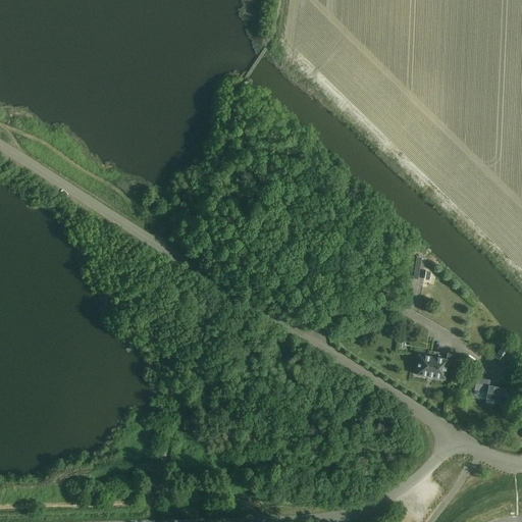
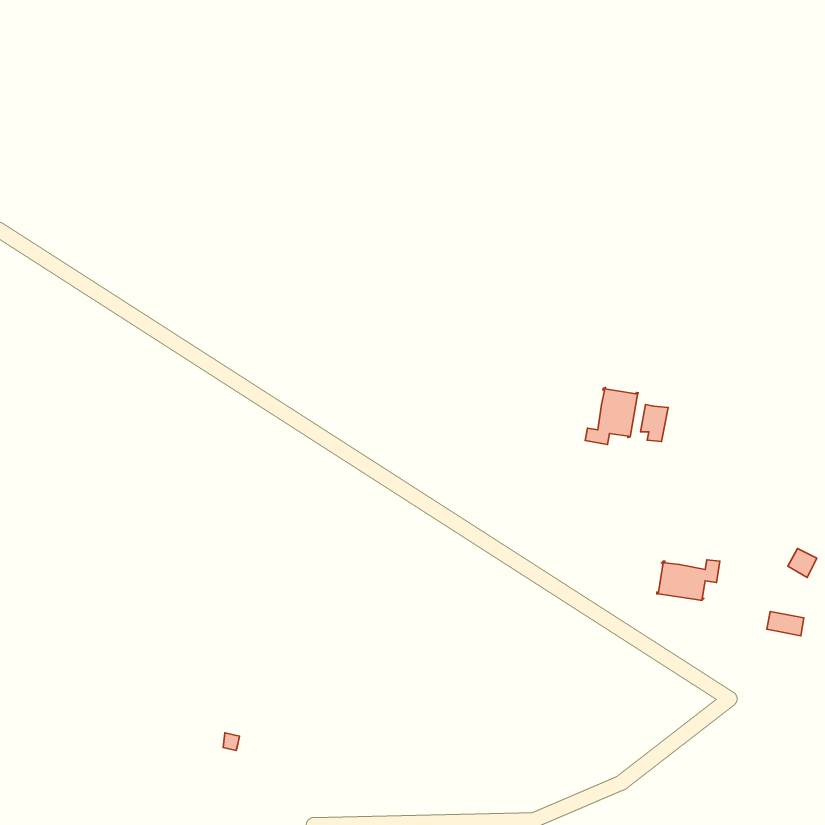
building: none -> [585,387,638,444]

